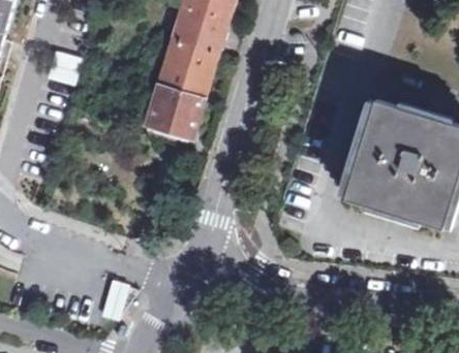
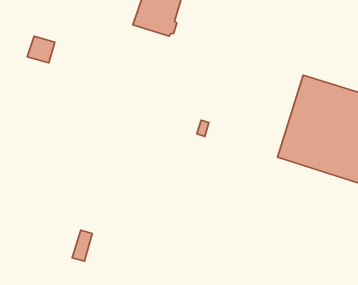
building: [145,39,215,145] -> none

